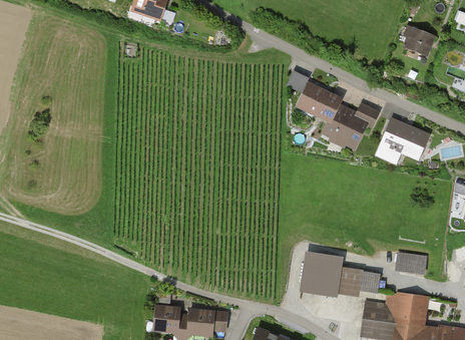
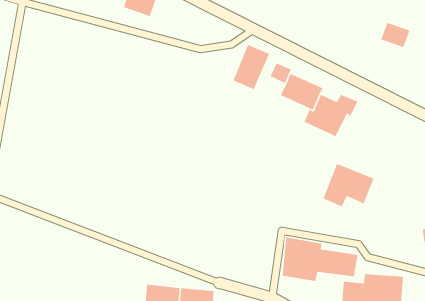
building: none -> [233,44,270,90]
building: [377,117,432,164] -> [322,163,374,207]
building: [396,254,426,274] -> none

